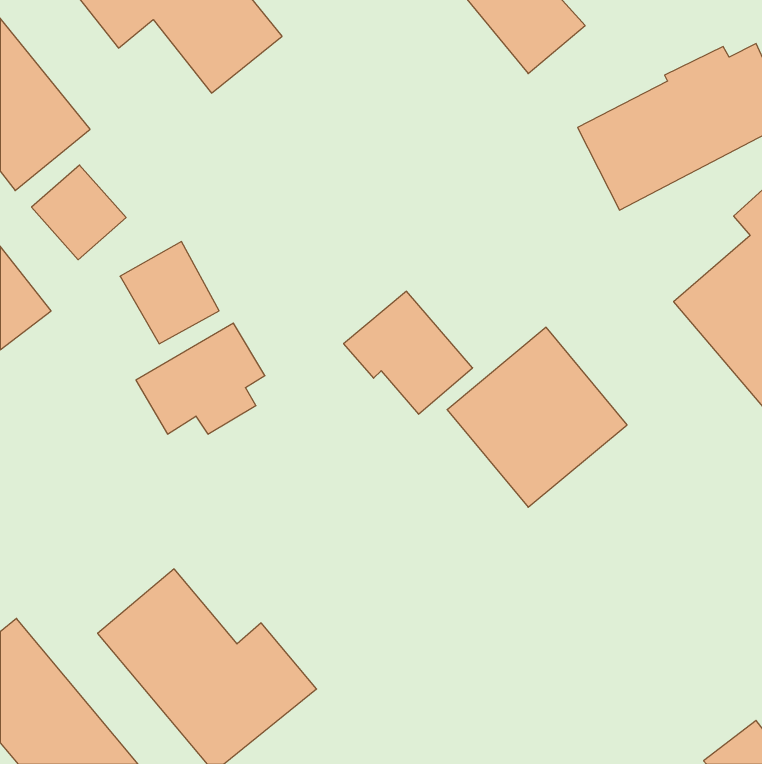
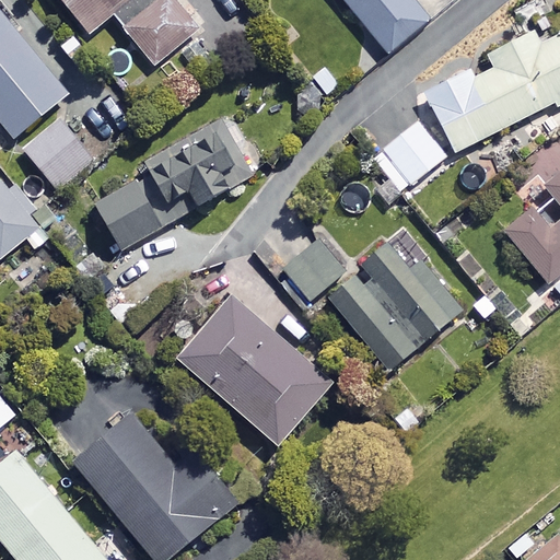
building: none -> [384,121,446,184]
building: [136,323,265,434] -> [143,128,237,209]
building: none -> [177,298,331,447]

